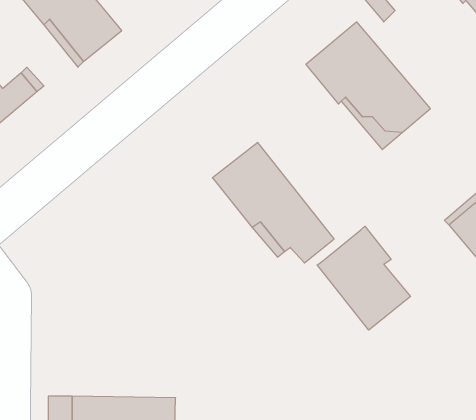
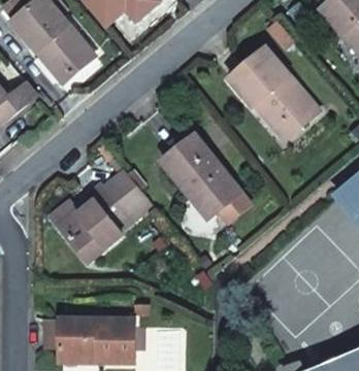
building: none -> [57,173,148,266]
building: [317,226,411,330] -> none

